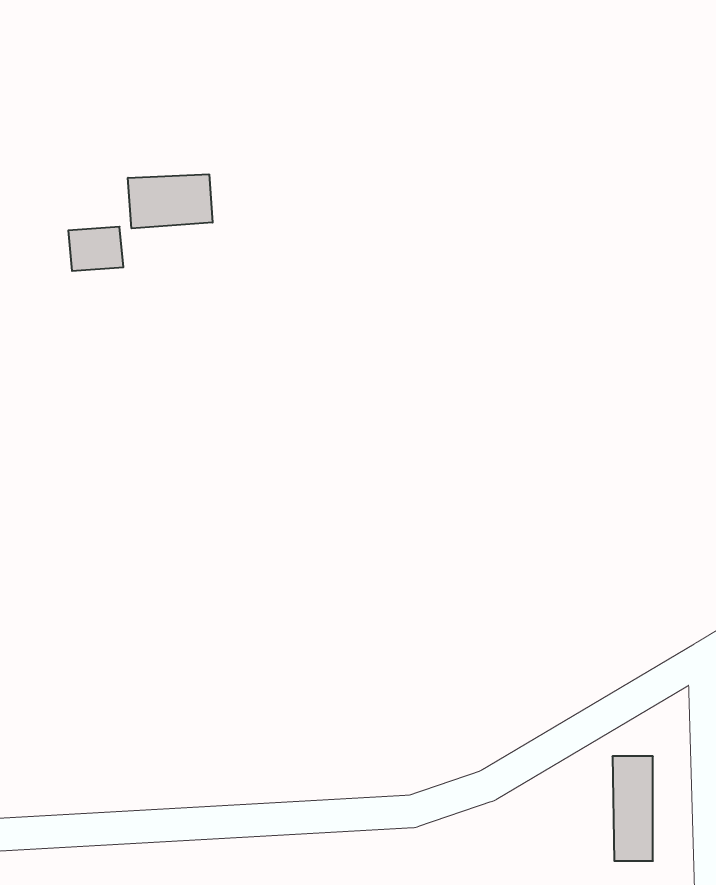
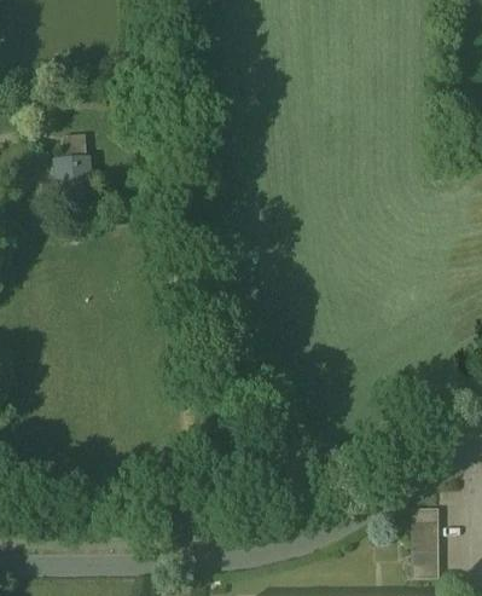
building: [128,174,213,228] -> none

